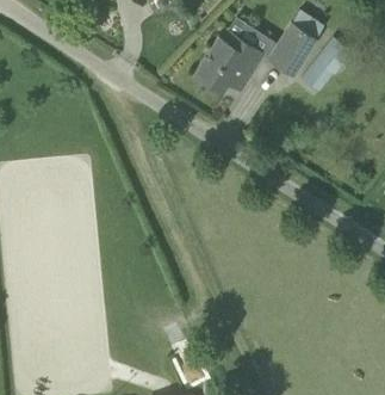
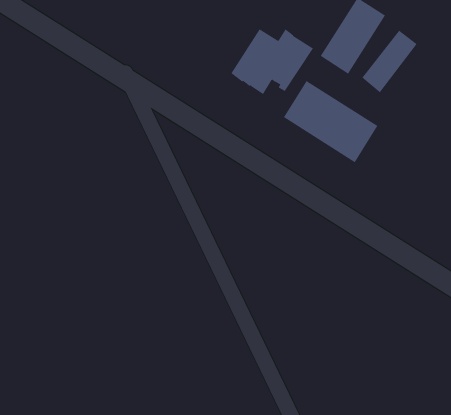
building: none -> [283,80,378,163]

